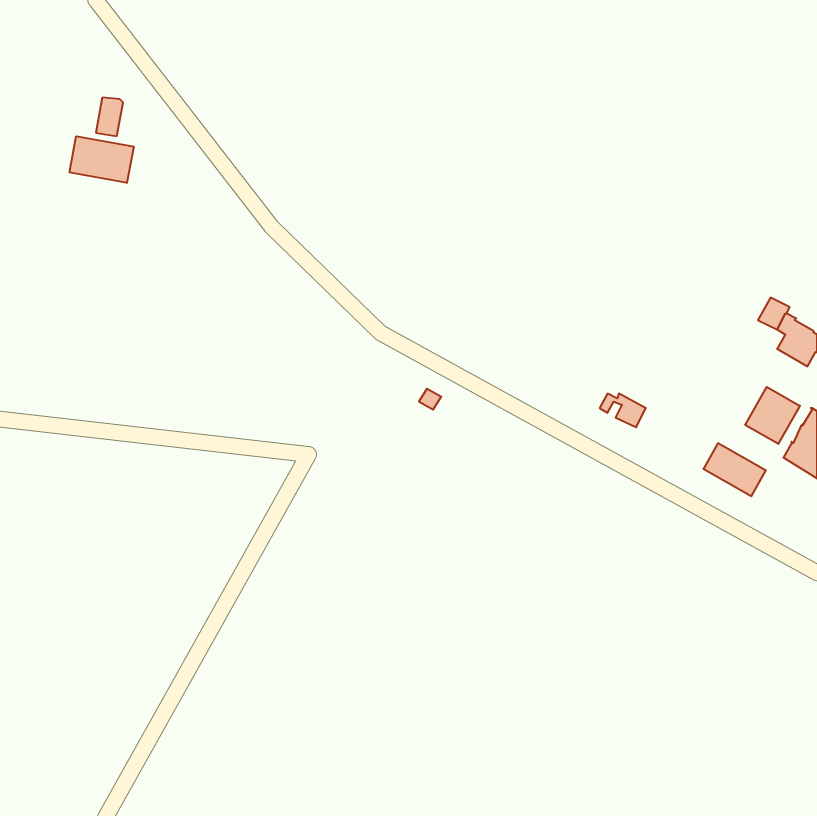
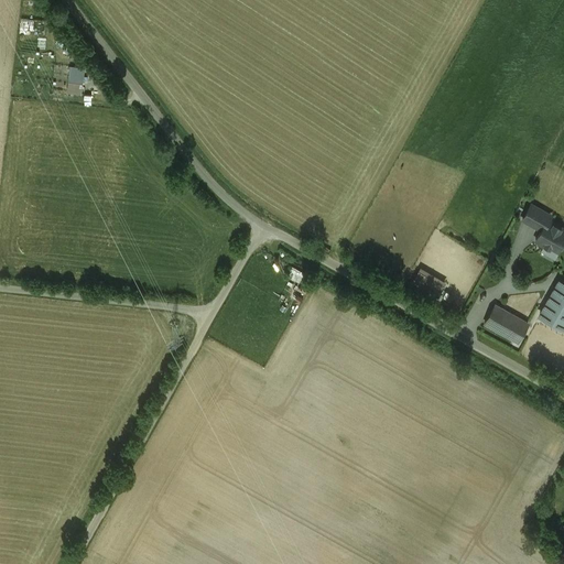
building: [70,136,134,183] -> none
building: [745,387,800,444] -> none

